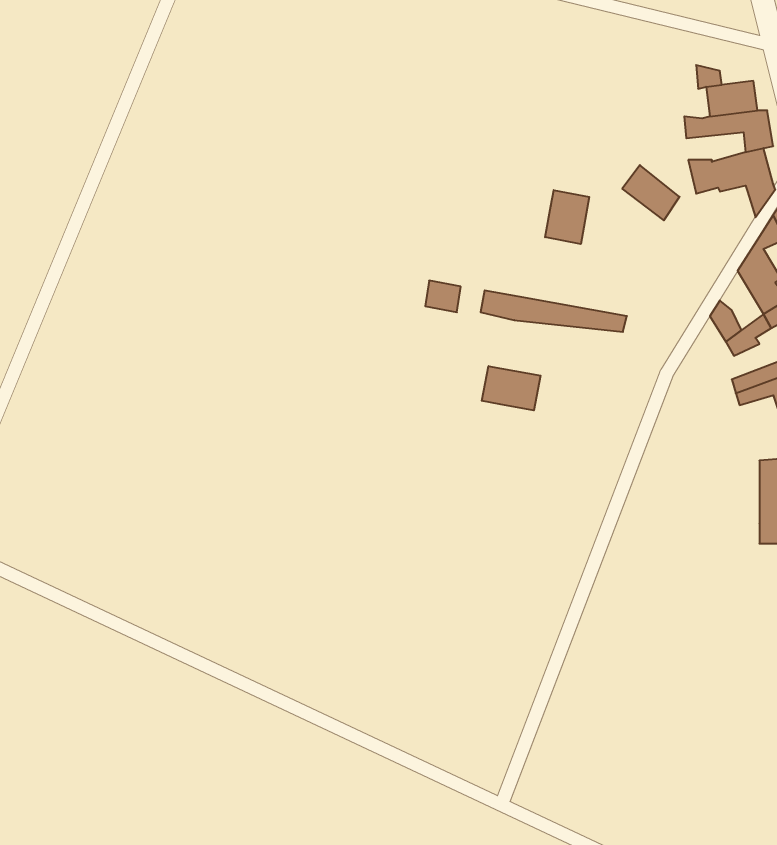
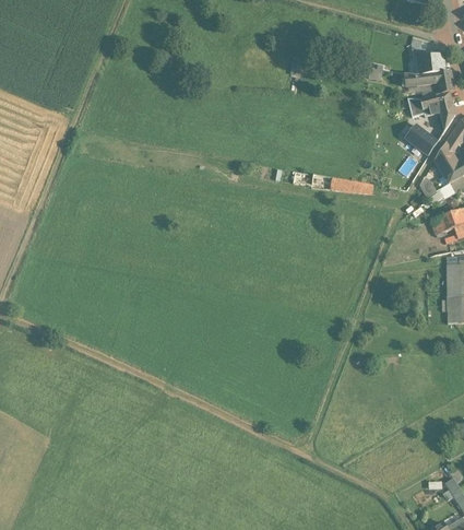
building: [622,165,680,220] -> [405,123,437,154]
building: [545,190,589,244] -> none
building: [482,366,541,410] -> none

